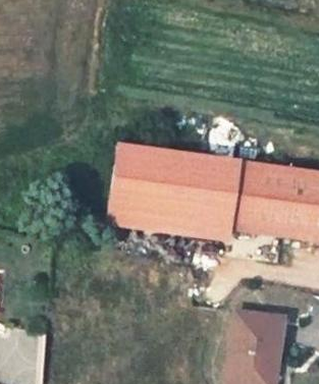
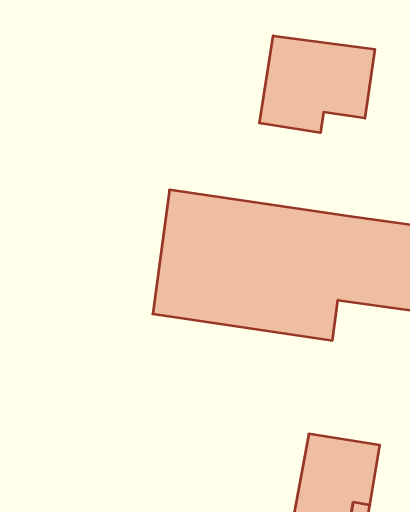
building: none -> [259,36,375,133]

